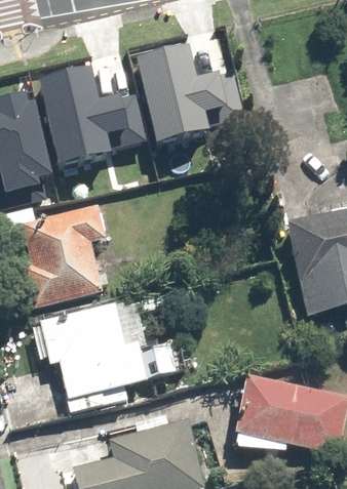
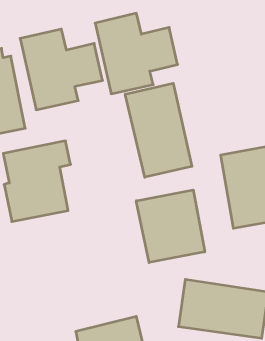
building: none -> [125,83,192,177]
building: none -> [136,190,205,263]
building: [41,296,182,410] -> none

